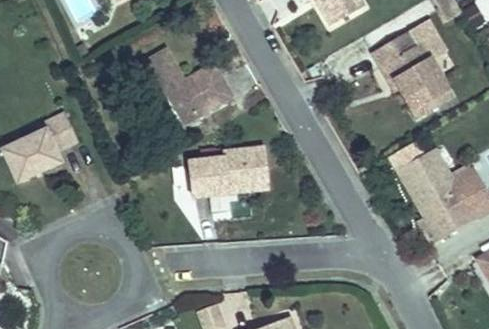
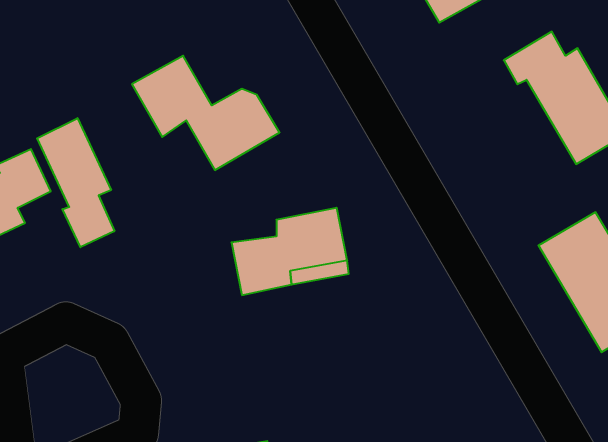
building: none -> [37,118,114,247]

